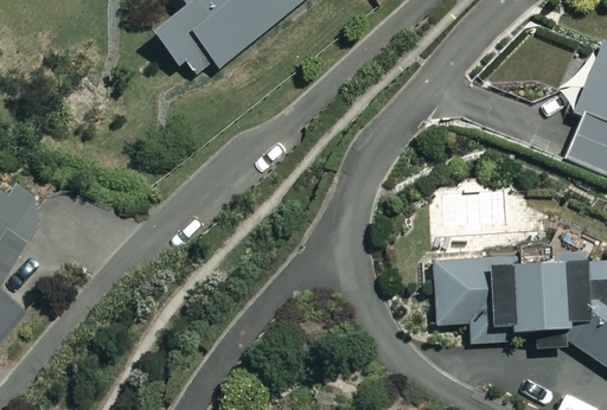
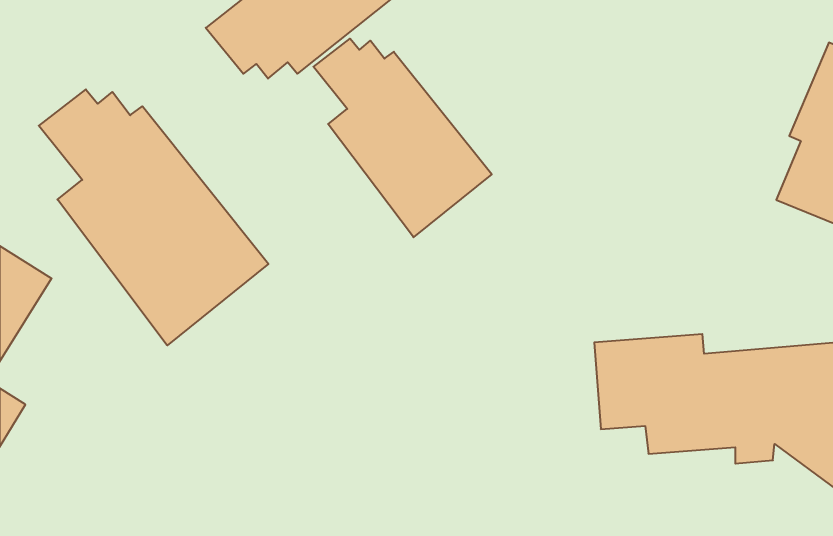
building: none -> [313,39,492,237]
building: none -> [39,89,268,345]

